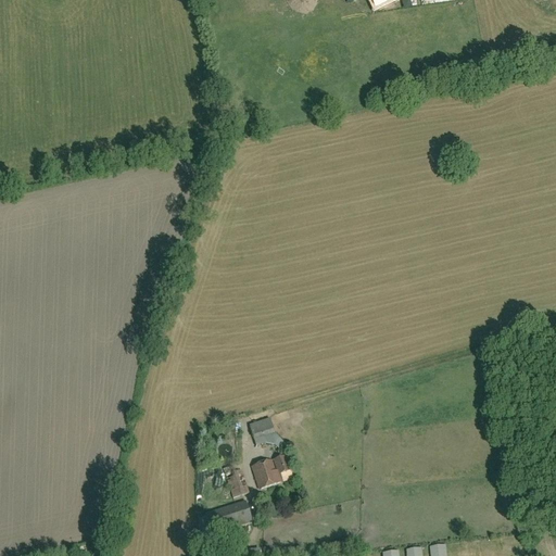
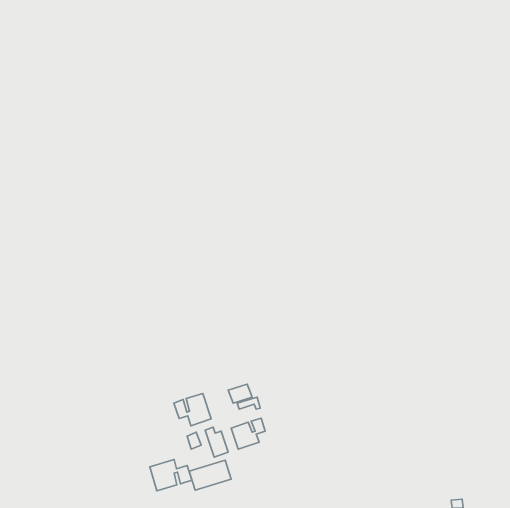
building: none -> [174,393,211,426]
building: none -> [150,459,192,491]

